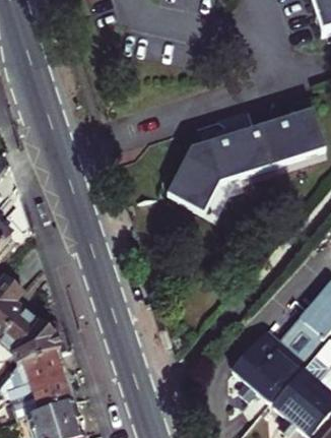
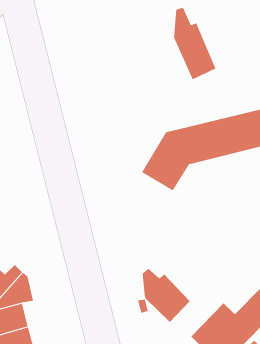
building: none -> [174,7,216,80]
building: none -> [142,268,191,323]

